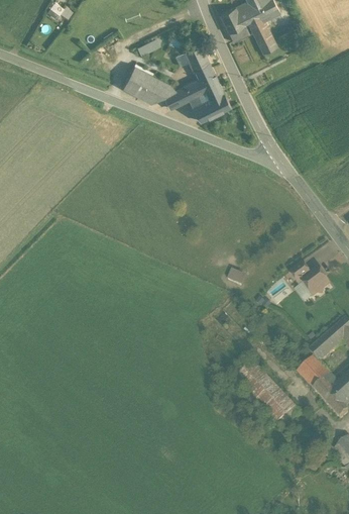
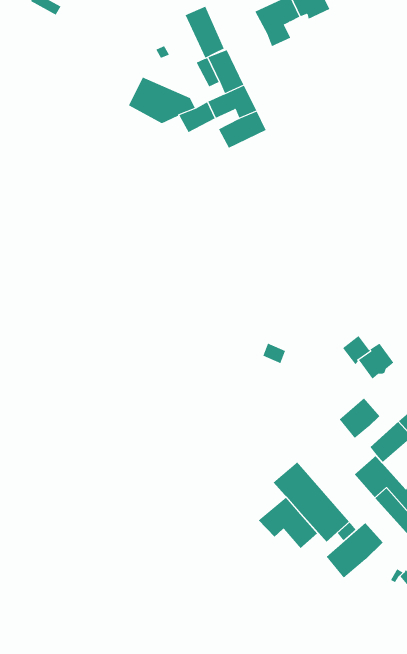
building: none -> [185,6,224,58]
building: [248,13,275,50] -> none
building: none -> [339,398,380,439]
building: none -> [258,497,318,549]
building: none -> [326,522,384,578]

